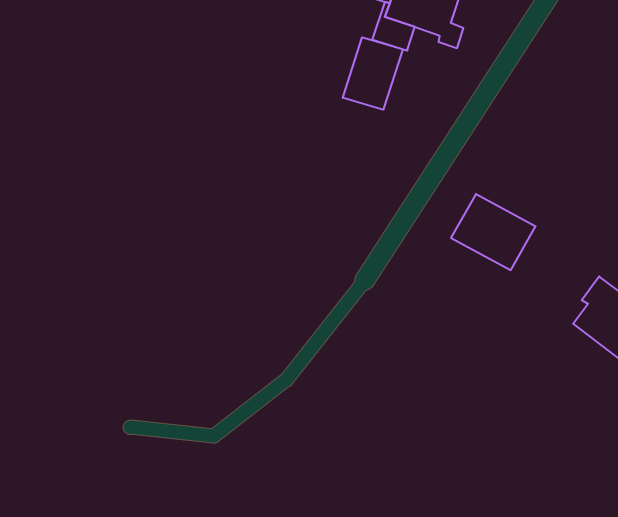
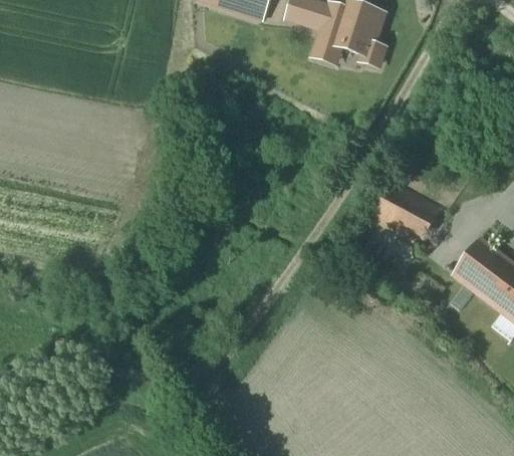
building: [343,37,403,110] -> none
building: none -> [455,237,493,285]

